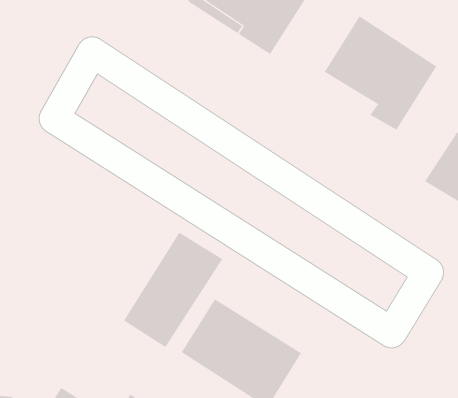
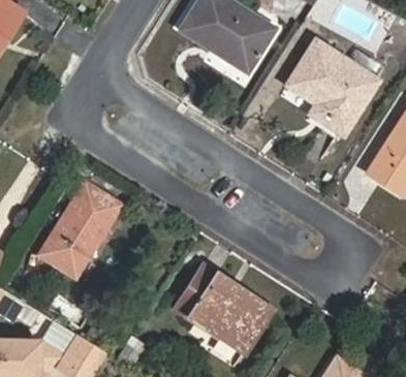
building: [123,232,223,348] -> [38,186,118,278]

